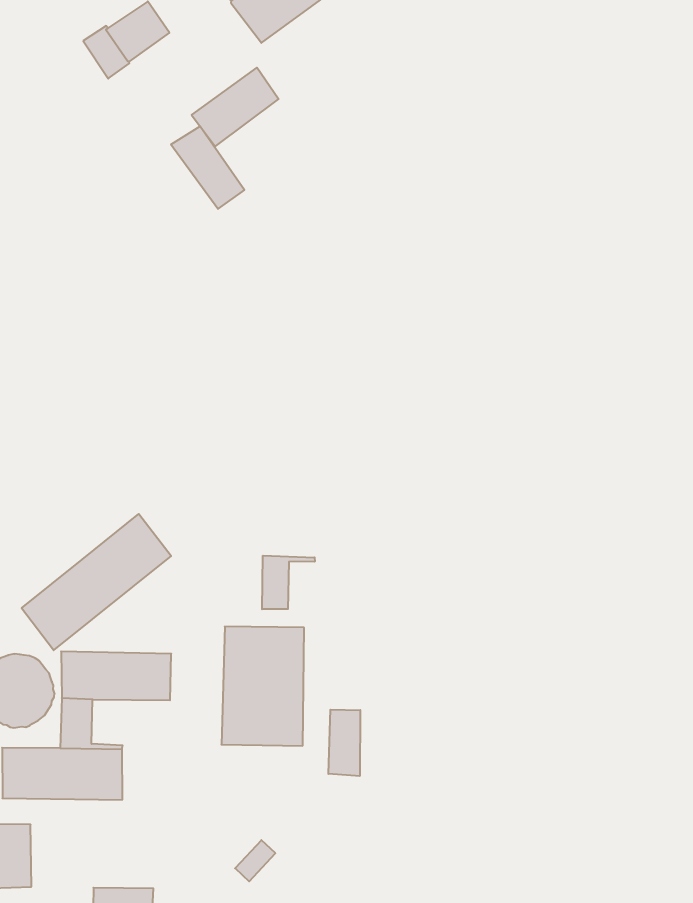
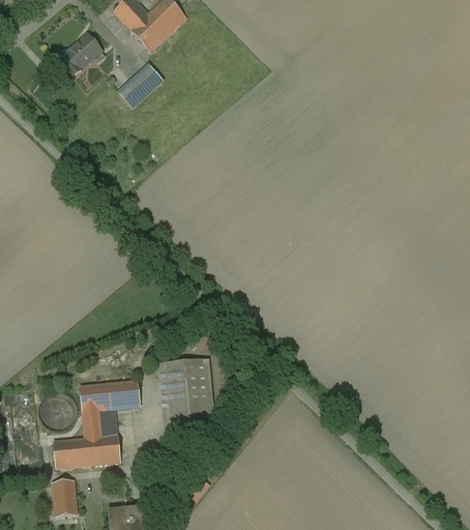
building: [171,126,244,209] -> none
building: [22,514,171,650] -> none
building: [262,556,315,609] -> none
building: [328,710,360,776] -> none

